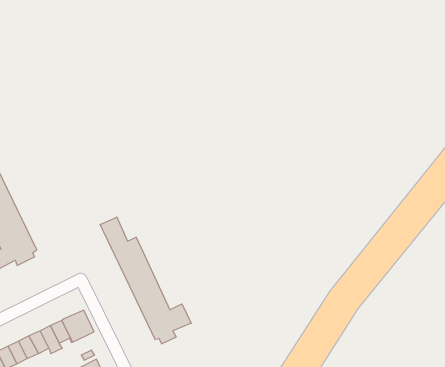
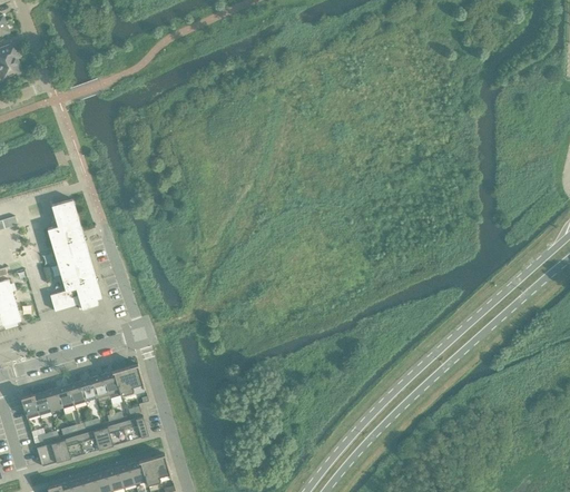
building: [100,217,191,344] -> none

